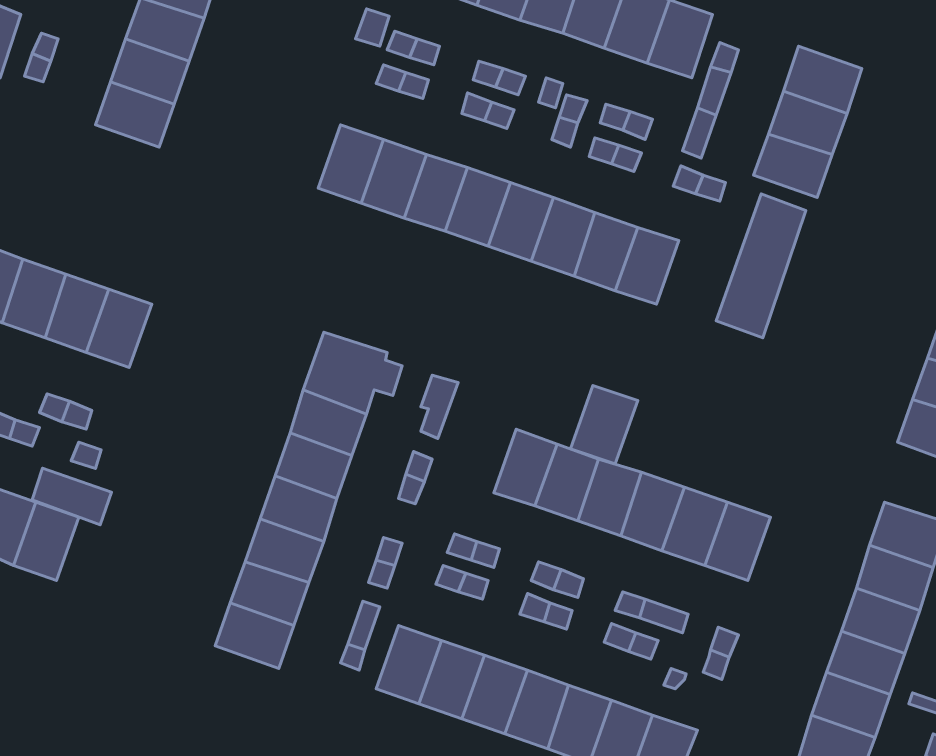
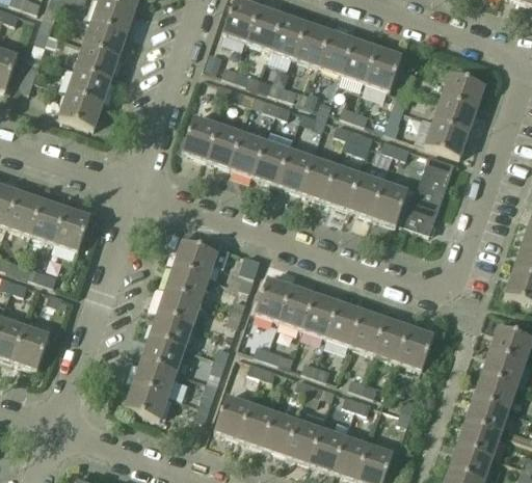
building: none -> [370,180,407,223]
building: [570,385,638,464] -> [255,276,292,320]
building: [32,468,112,525] -> none

